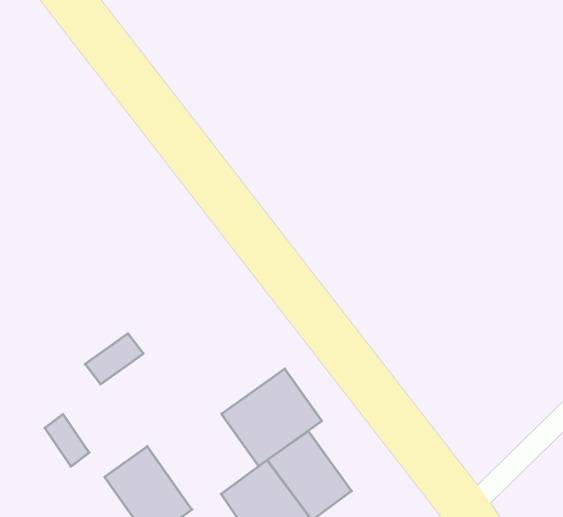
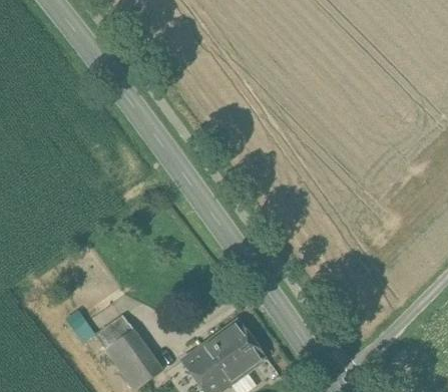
building: [85,334,143,384] -> [95,315,133,348]
building: [222,369,322,466] -> none

